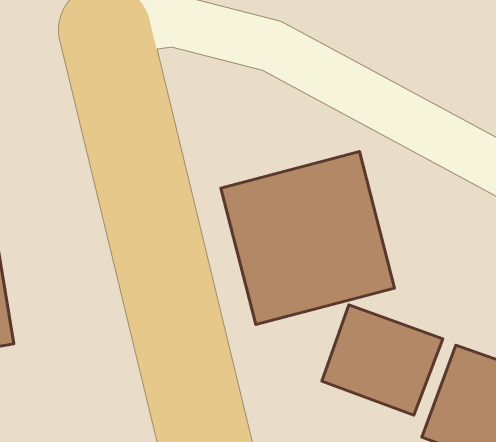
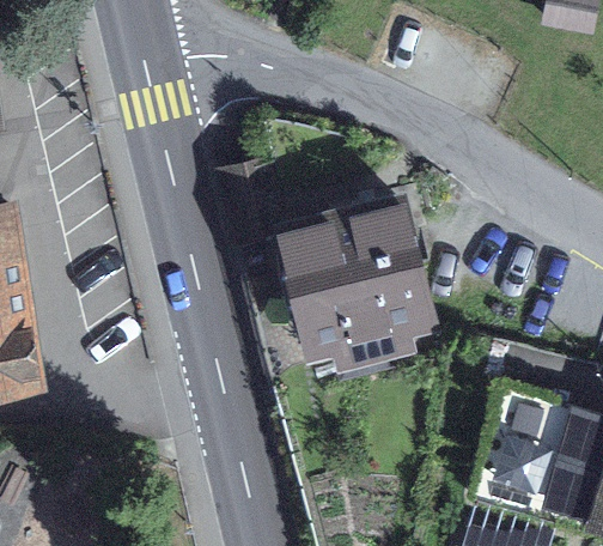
building: [322,305,443,415] -> none

